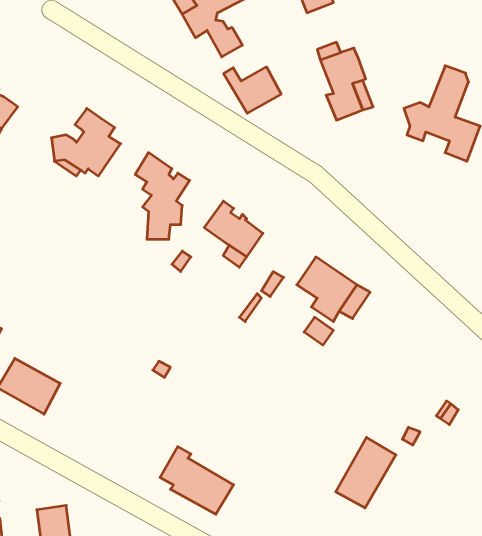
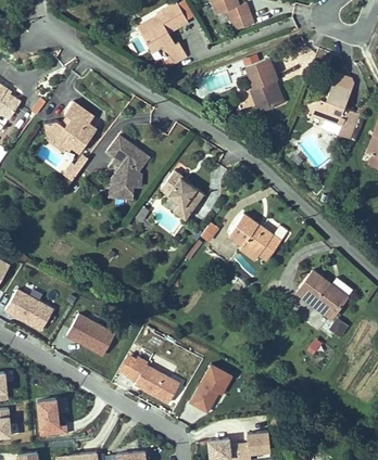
building: [224,67,281,113] -> none
building: none -> [298,271,349,319]
building: none -> [67,310,116,354]
building: [336,437,396,508] -> [189,362,234,414]

